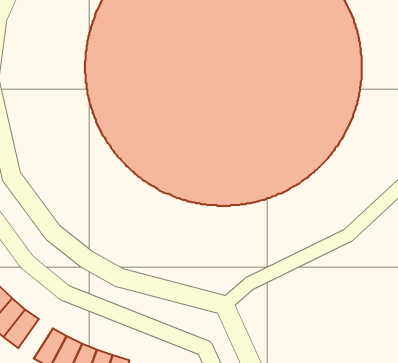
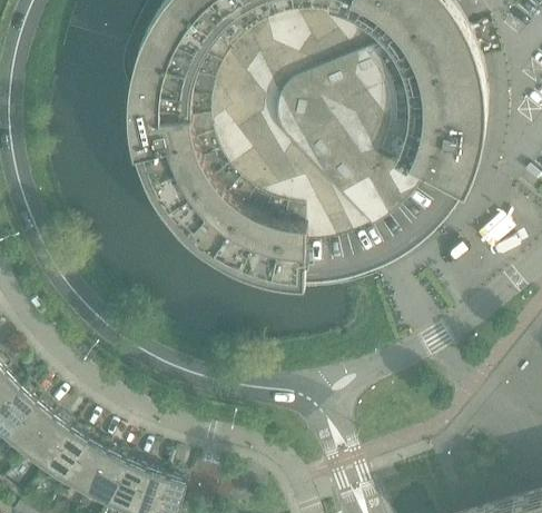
building: none -> [41,428,86,480]

